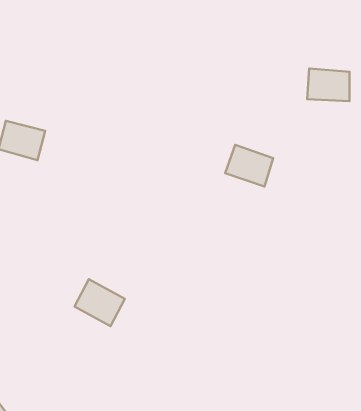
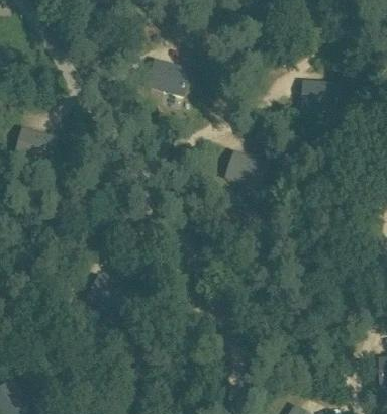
building: none -> [147,57,190,93]

